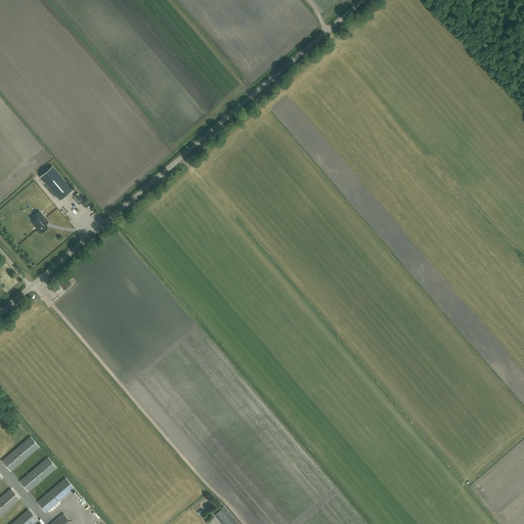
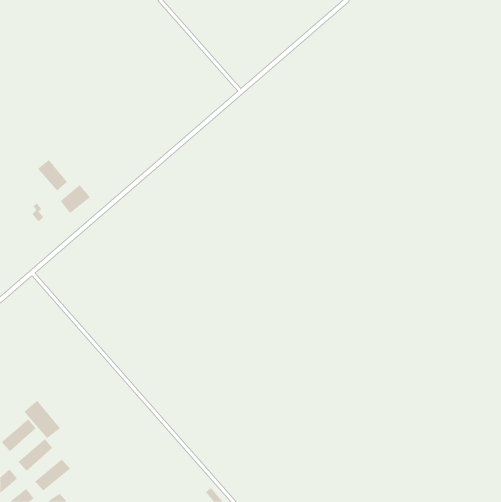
building: none -> [60,184,91,214]
building: none -> [24,400,61,439]

